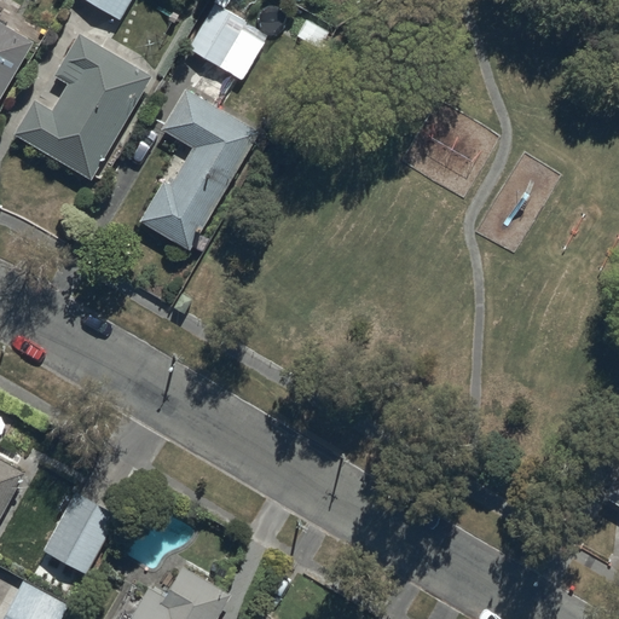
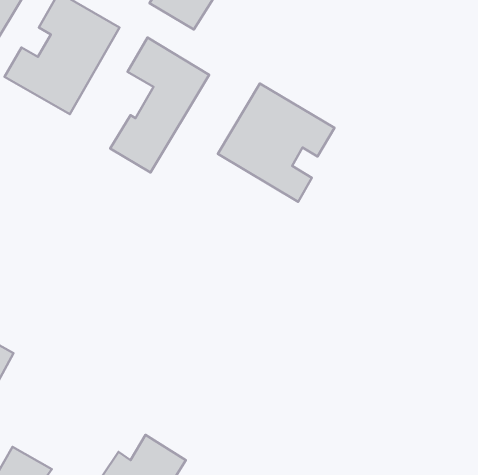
building: none -> [218,84,335,202]
building: [44,493,117,574] -> none

